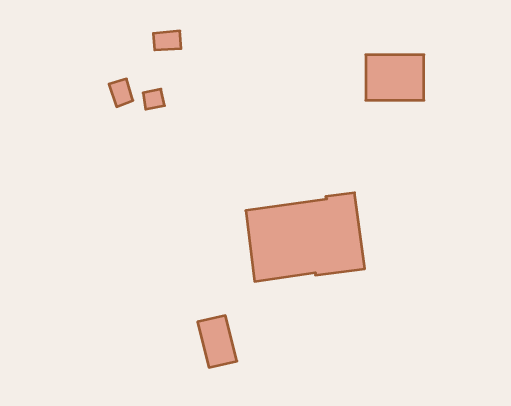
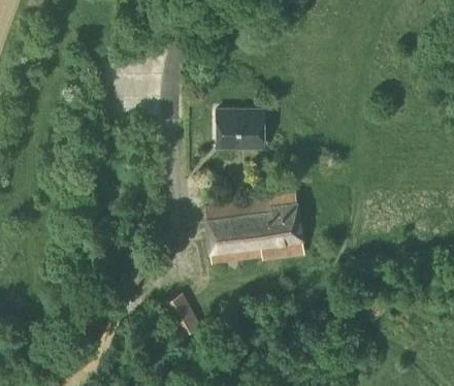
building: [366,55,424,100] -> [216,109,263,147]

